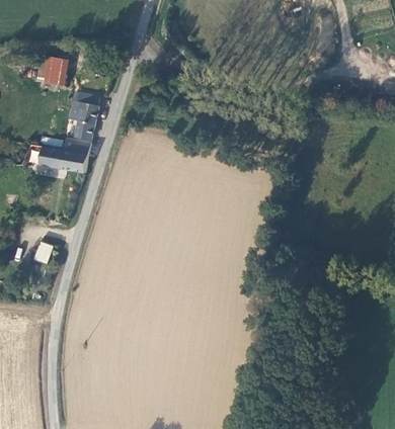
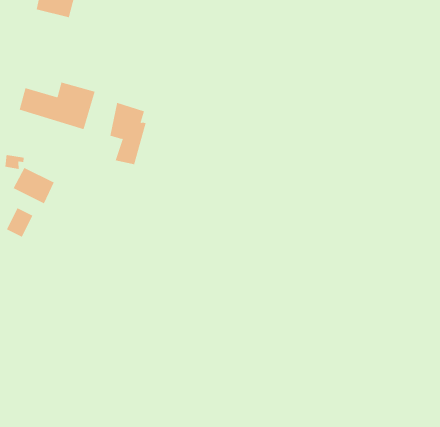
building: [70,90,98,139] -> [110,102,146,165]
building: none -> [13,167,55,204]

